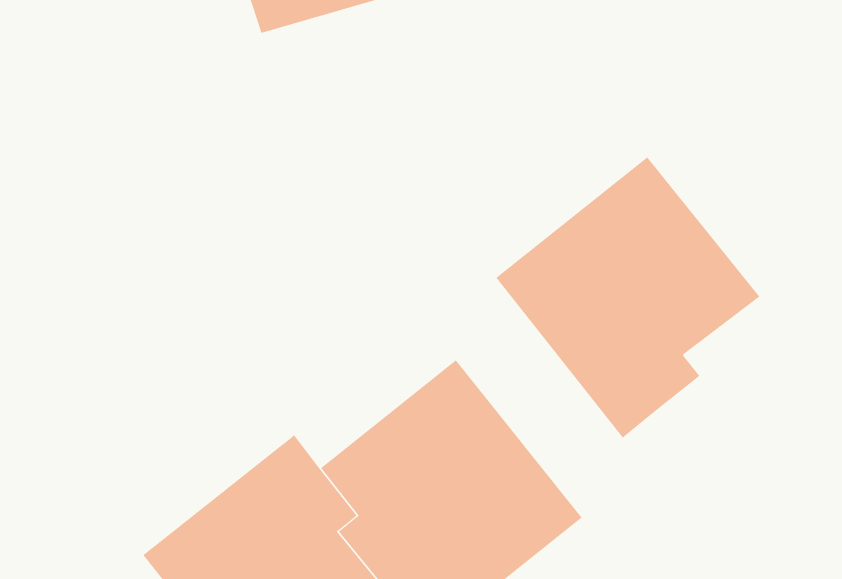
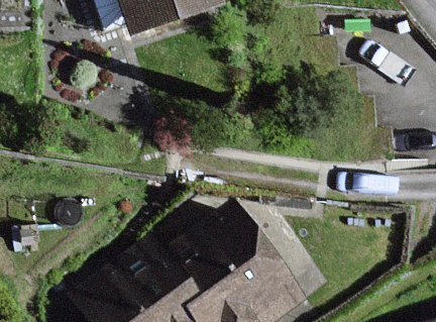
building: [495,156,760,439] -> none

